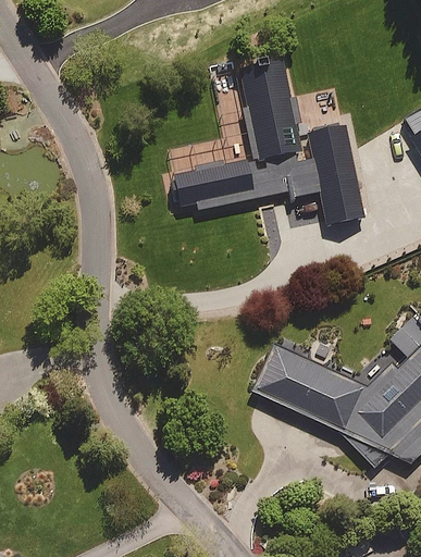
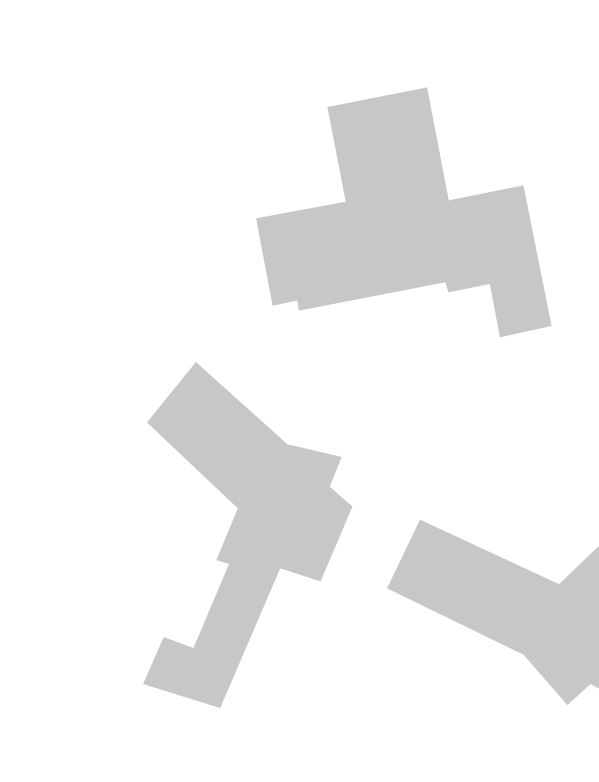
building: none -> [142,361,353,709]

